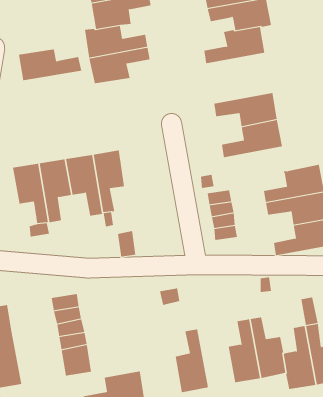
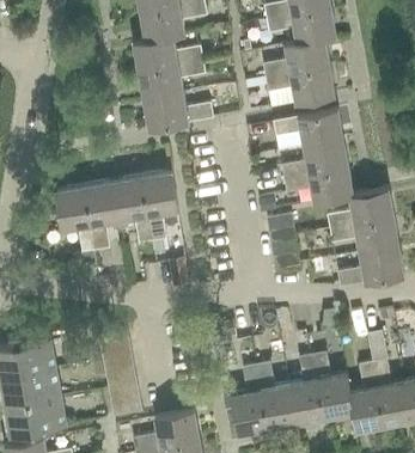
building: [18,49,82,81] -> [144,93,213,128]
building: none -> [264,66,335,102]
building: none -> [283,167,353,203]
building: none -> [256,361,295,428]

